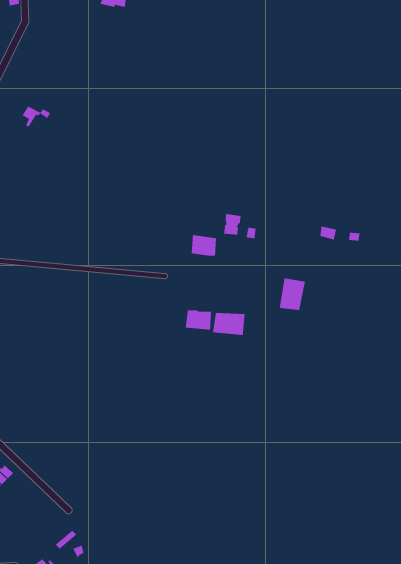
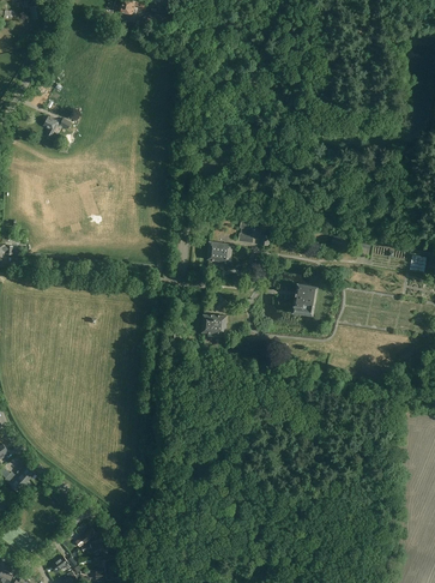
building: [212,312,245,336] -> none

